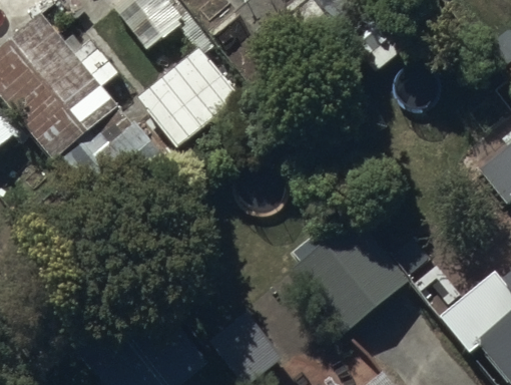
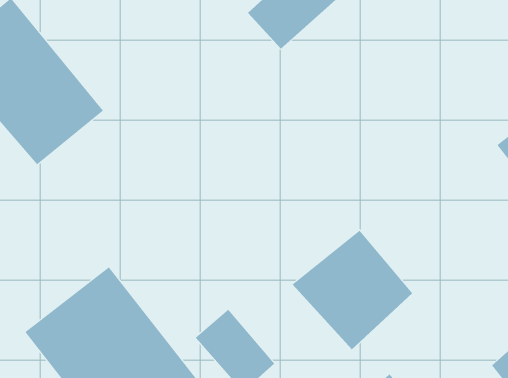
building: [136,33,241,135] -> none

